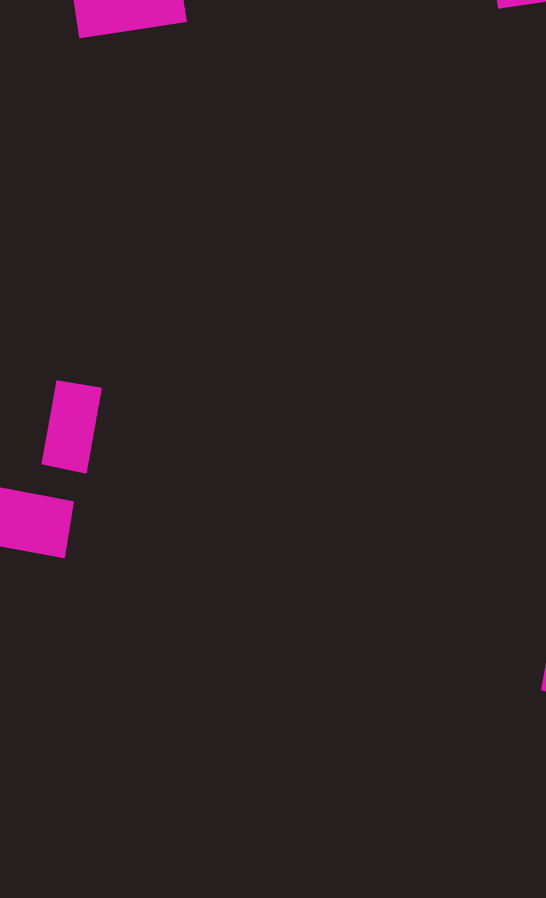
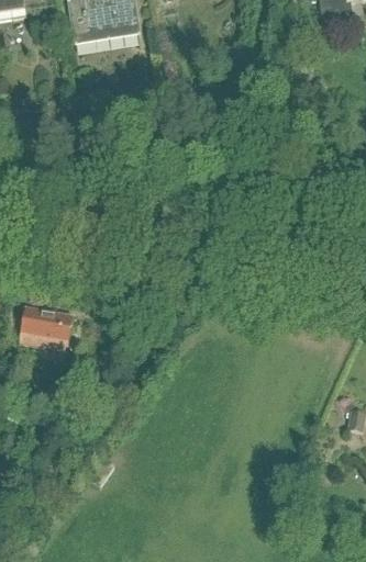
building: [41,379,103,474] -> none

